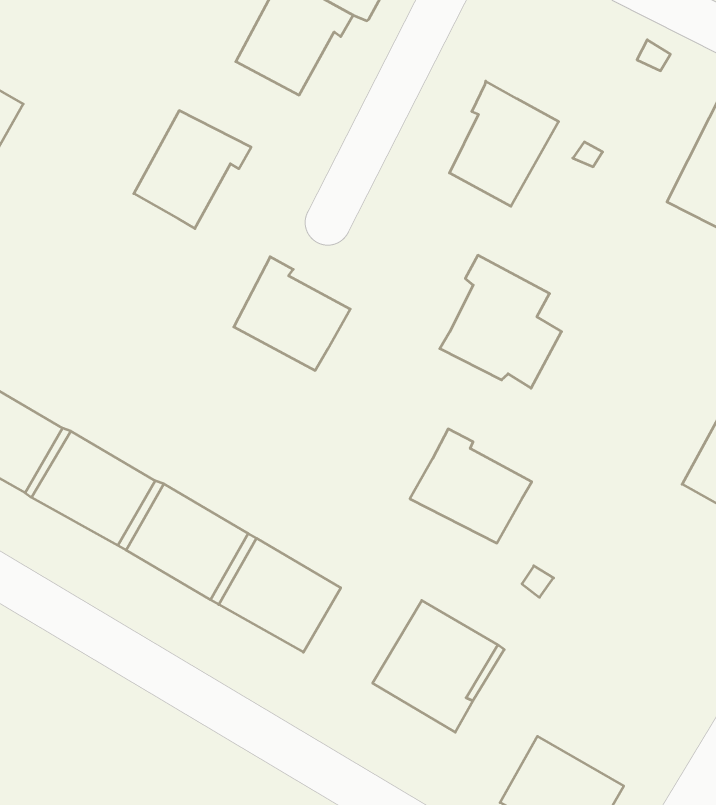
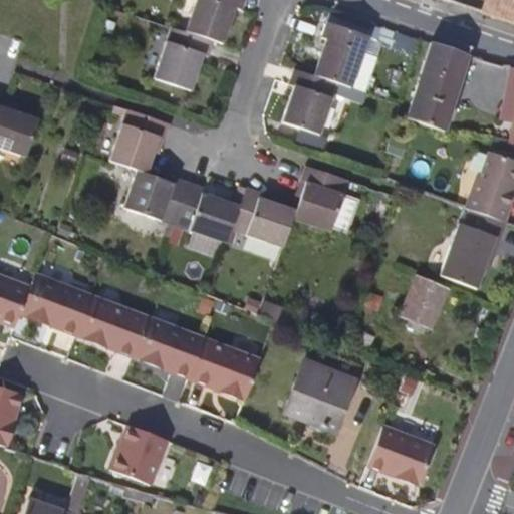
building: none -> [314,19,371,86]
building: none -> [123,169,191,224]
building: [410,429,532,543] -> [231,186,297,245]
building: none -> [401,275,448,328]
building: none -> [109,424,167,483]

